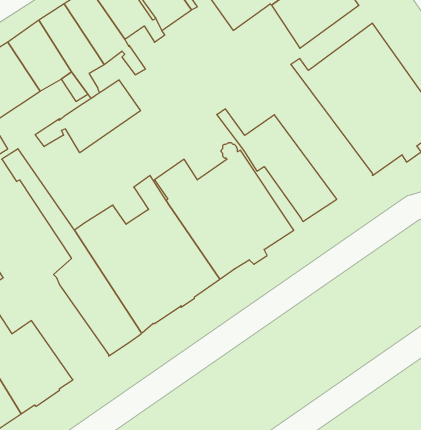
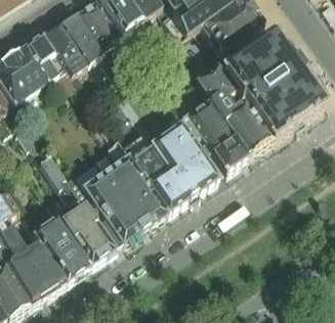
building: none -> [195,62,276,159]
building: [35,80,140,153] -> none
building: none -> [35,210,93,280]

